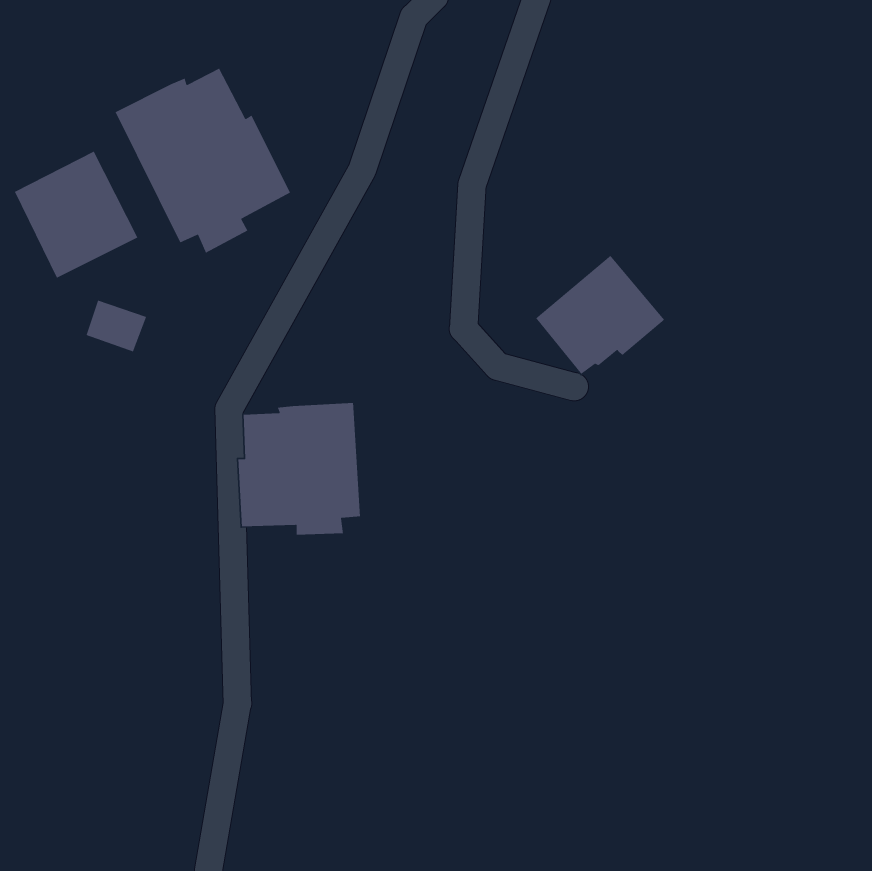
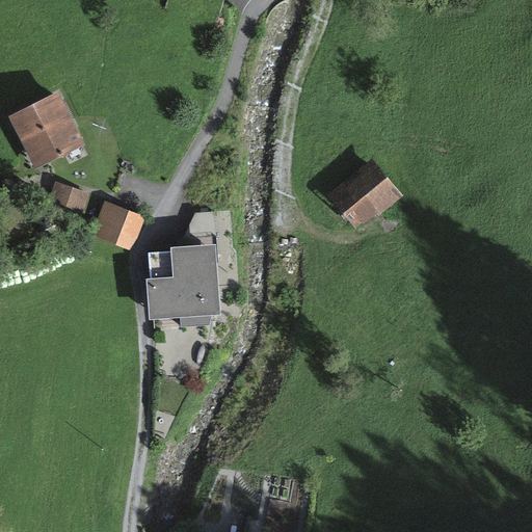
building: [115,67,291,254] -> none
building: none -> [90,201,143,250]

